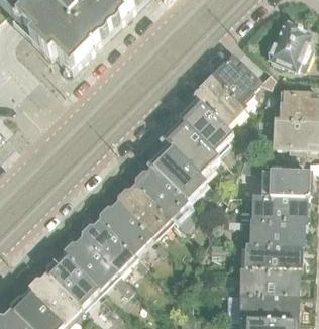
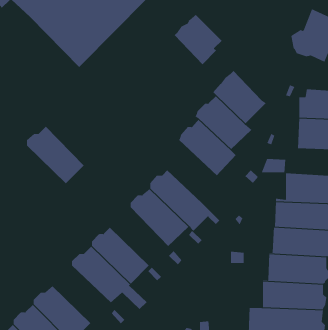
building: [214,57,258,103] -> [174,14,222,65]
building: [150,144,205,197] -> none
building: [101,201,154,254] -> [26,126,85,184]
building: [48,254,102,307] -> none

